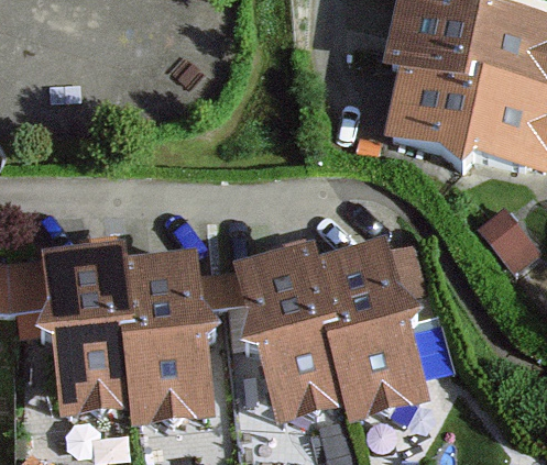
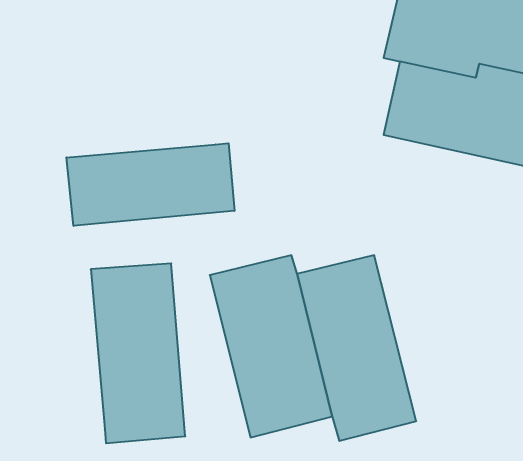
building: none -> [66,143,234,226]
building: [45,248,134,413] -> none

